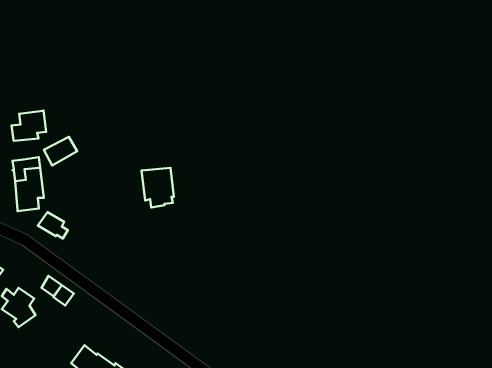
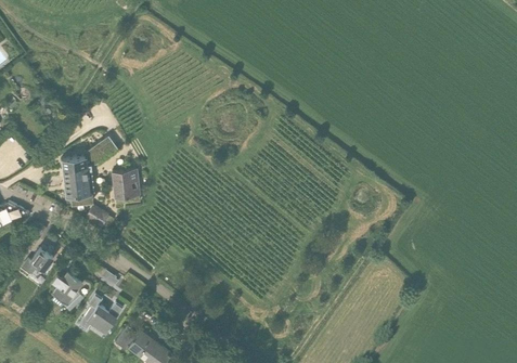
building: [12,111,46,141] -> none
building: [142,168,174,208] -> [112,167,141,203]
building: none -> [78,291,124,332]

